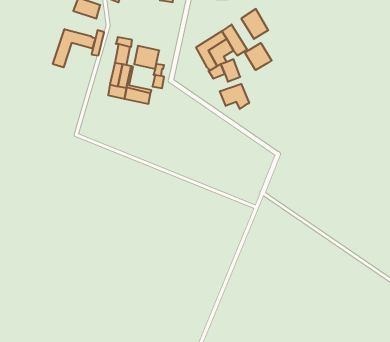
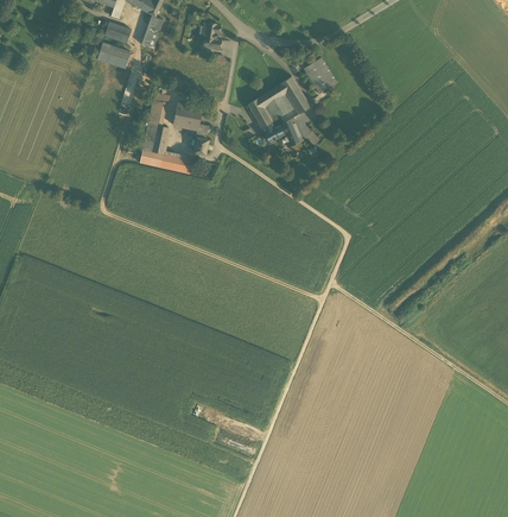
building: [53,29,95,67] -> none
building: [245,43,272,70] -> none
building: [220,84,249,109] -> none

